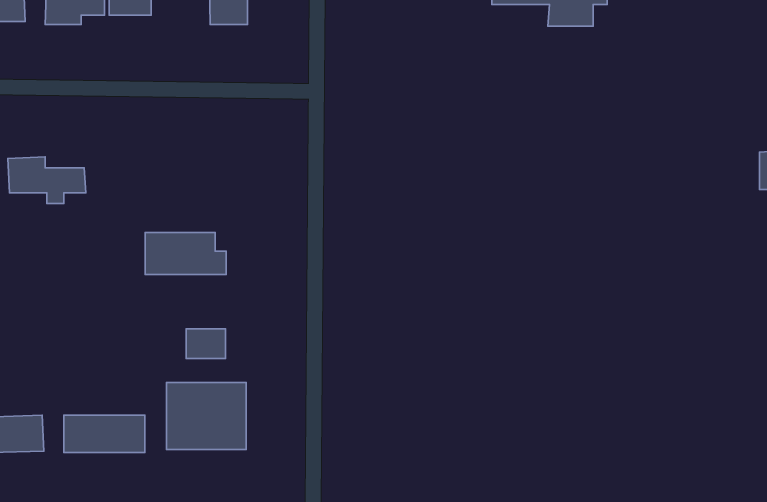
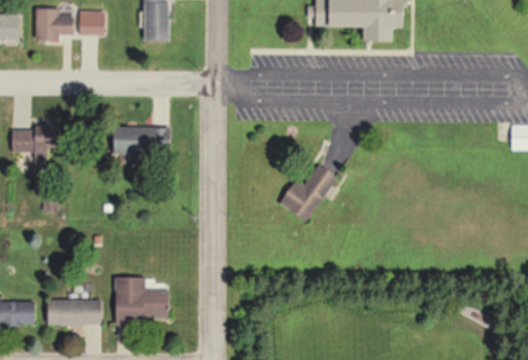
building: none -> [279,163,339,223]
building: [145,233,226,275] -> [116,127,169,155]
building: [186,329,226,358] -> none

